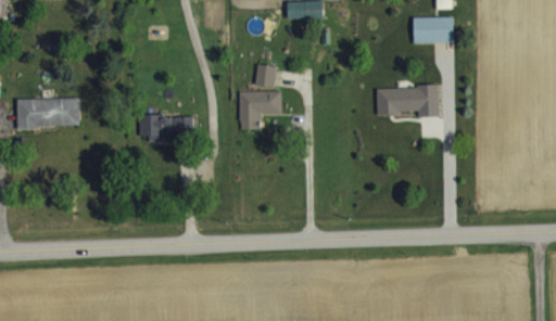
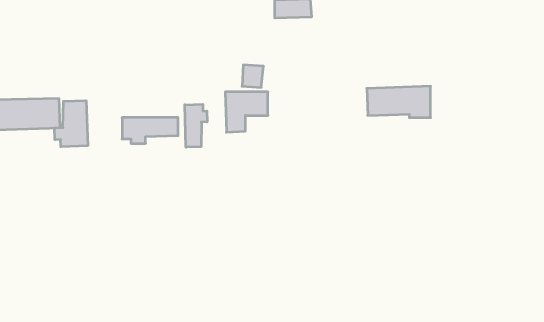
building: [414,17,454,43] -> none
building: none -> [54,101,88,147]
building: none -> [185,104,207,147]

